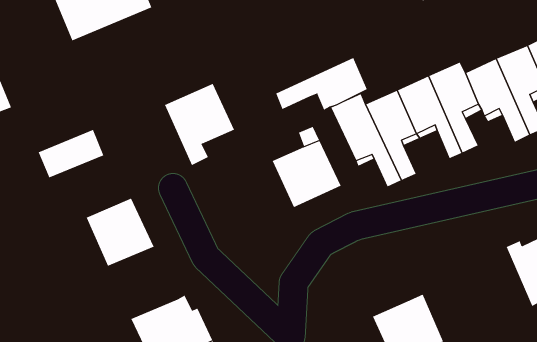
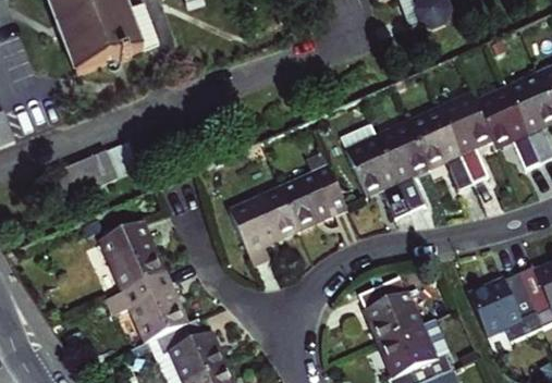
building: [276,57,368,111] -> none
building: [164,83,235,166] -> [233,187,304,270]
building: none -> [101,273,187,345]
building: none -> [468,273,542,342]
building: none -> [358,274,419,343]

